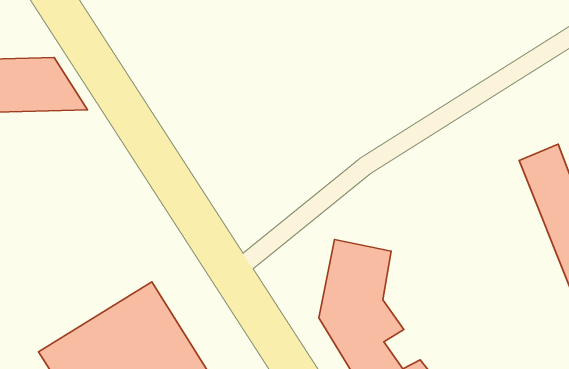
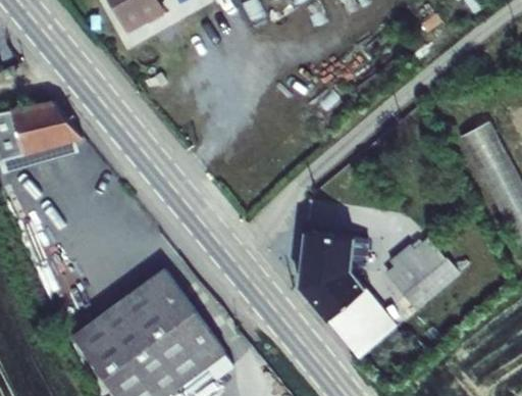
building: none -> [382,240,457,313]

